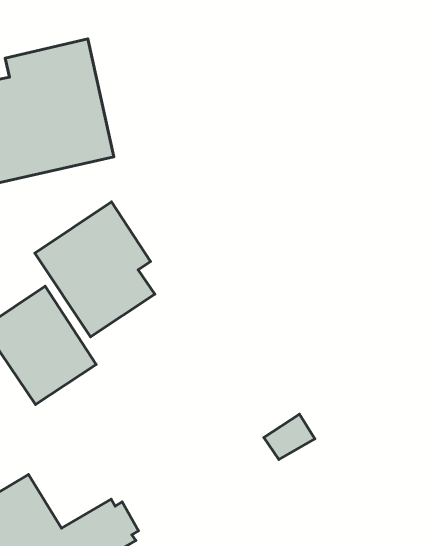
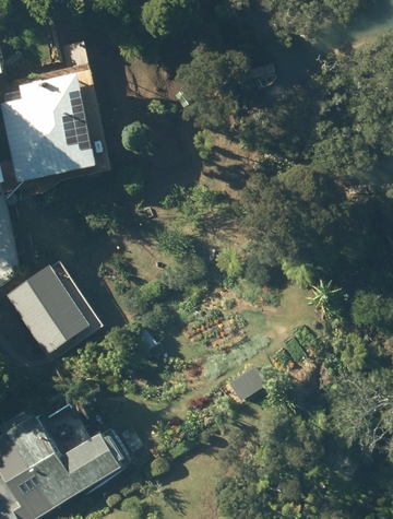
building: [35,202,155,337] -> none

